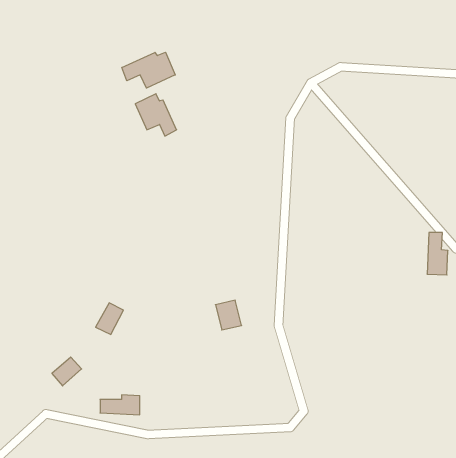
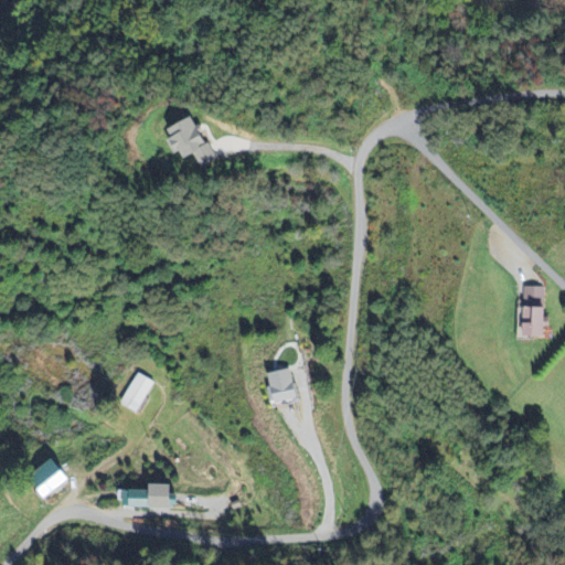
building: [122,52,175,88] -> none
building: [52,357,82,386] -> [30,461,66,497]

